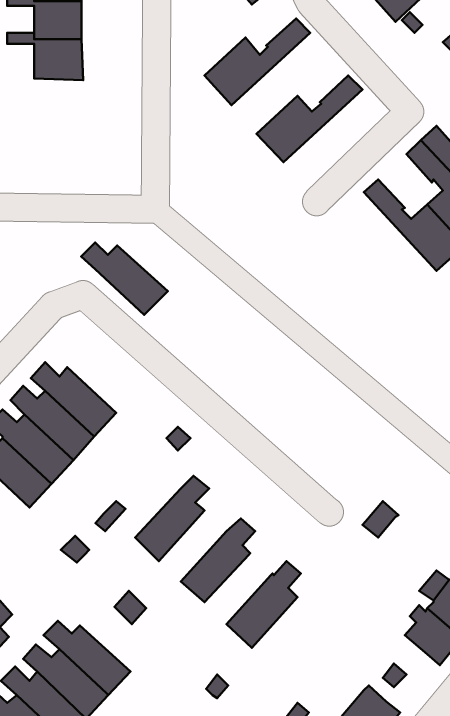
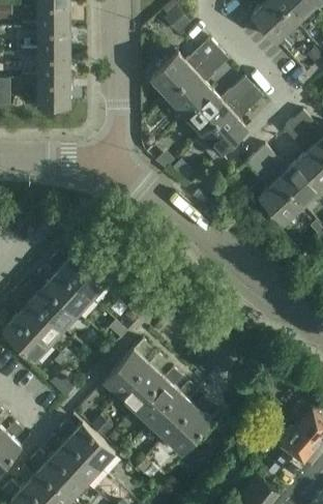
building: none -> [167,51,227,117]
building: none -> [20,77,69,108]
building: none -> [201,88,261,155]
building: none -> [244,155,301,226]
building: [81,242,168,315] -> [50,253,107,300]
building: none -> [119,355,167,411]
building: none -> [149,383,197,439]
building: none -> [58,421,115,470]

